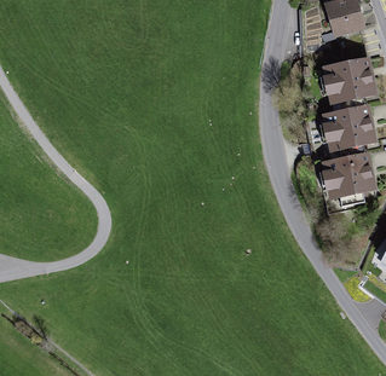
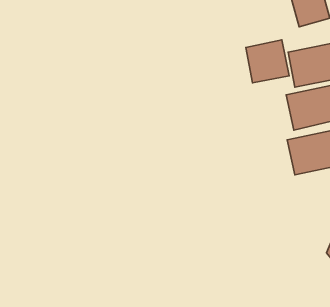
building: none -> [246,40,289,83]

